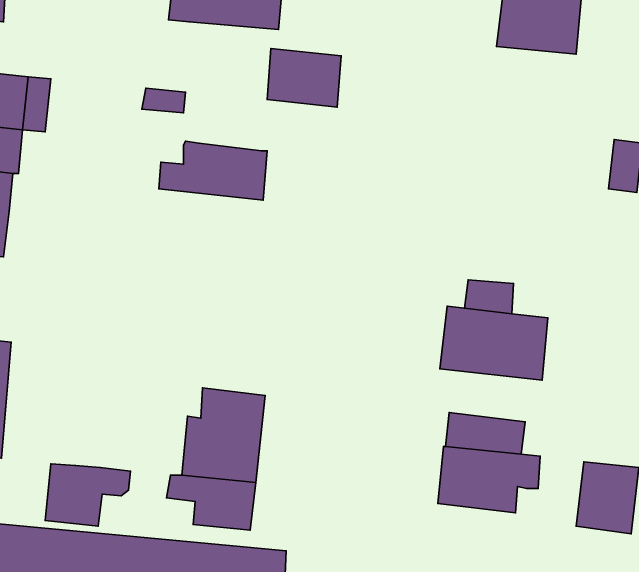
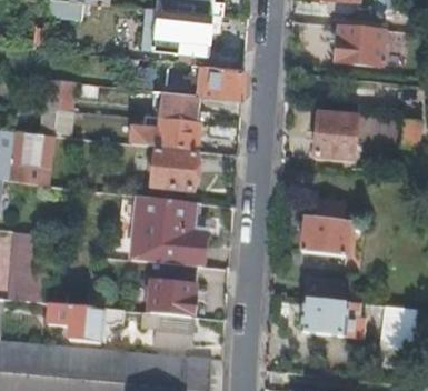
building: none -> [159,90,199,123]
building: none -> [313,113,357,161]
building: none -> [150,150,196,192]
building: none -> [132,197,203,267]

